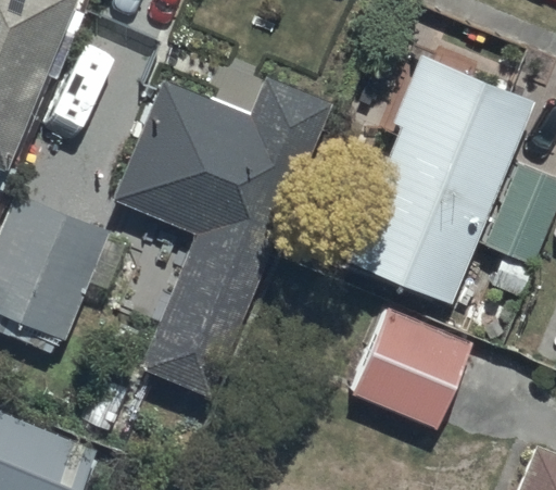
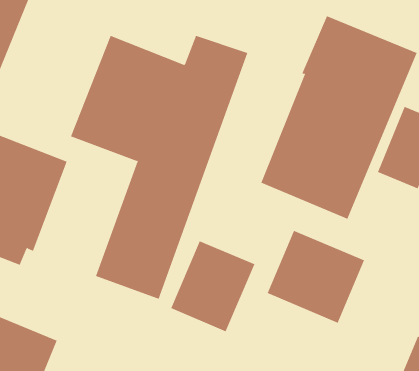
building: none -> [170,240,255,332]

